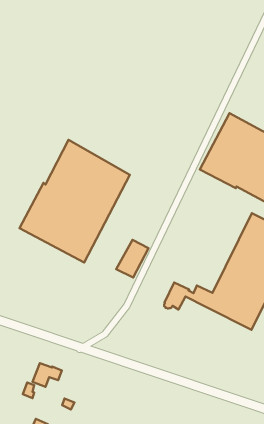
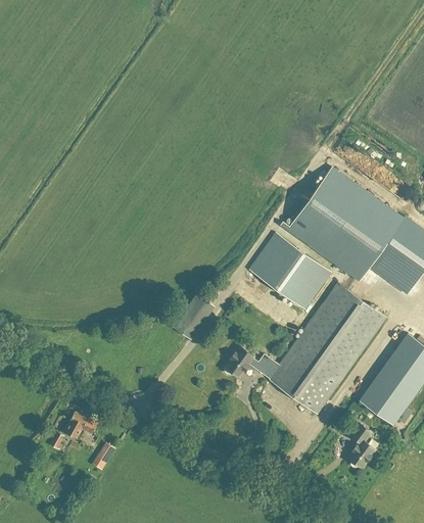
building: [20,140,130,263] -> none
building: none -> [249,234,332,311]

